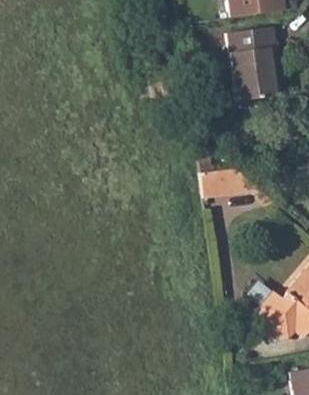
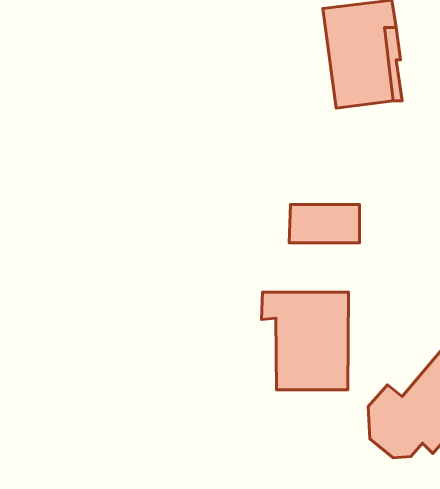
building: none -> [261,292,348,390]

